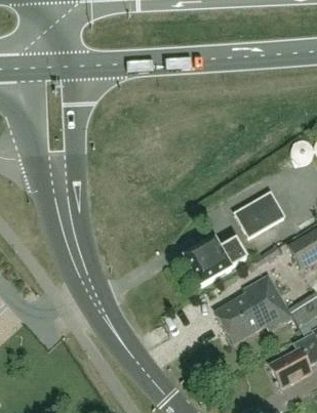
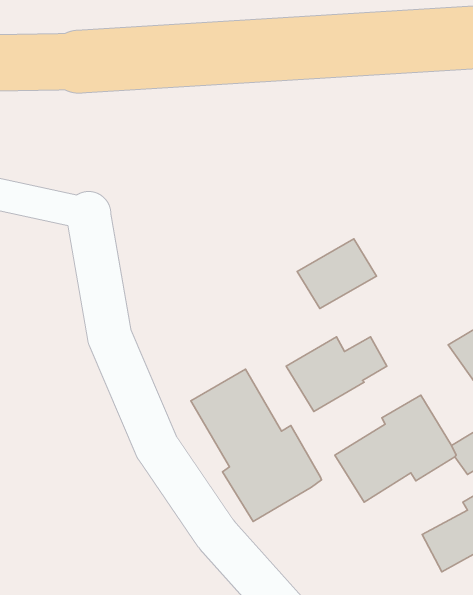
building: [235,191,285,235] -> [297,239,377,309]
building: none -> [191,369,321,521]

